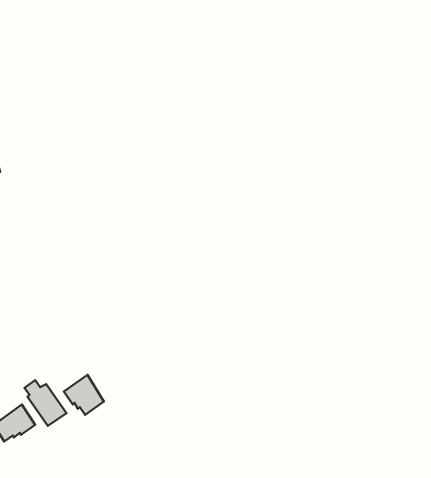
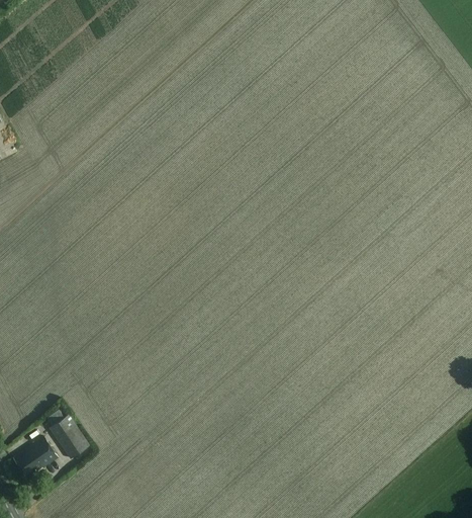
building: [64,375,104,415] -> none

